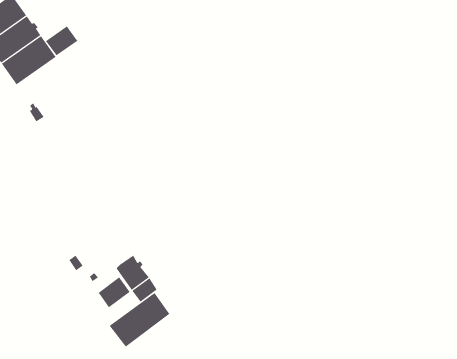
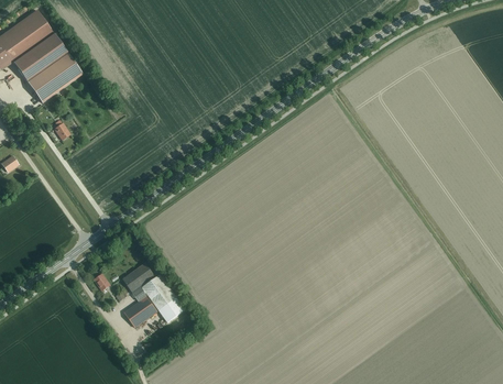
building: [45,26,78,56] -> none
building: none -> [122,263,154,292]
building: [109,292,170,348] -> none

